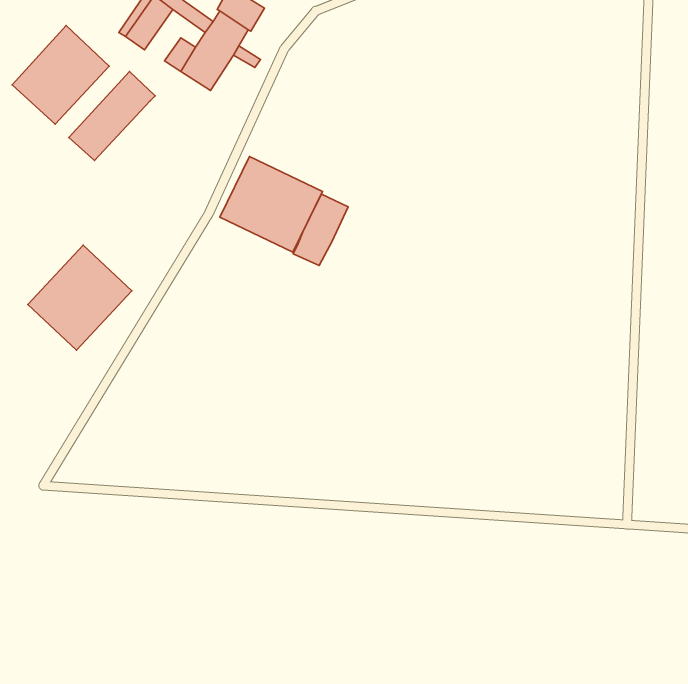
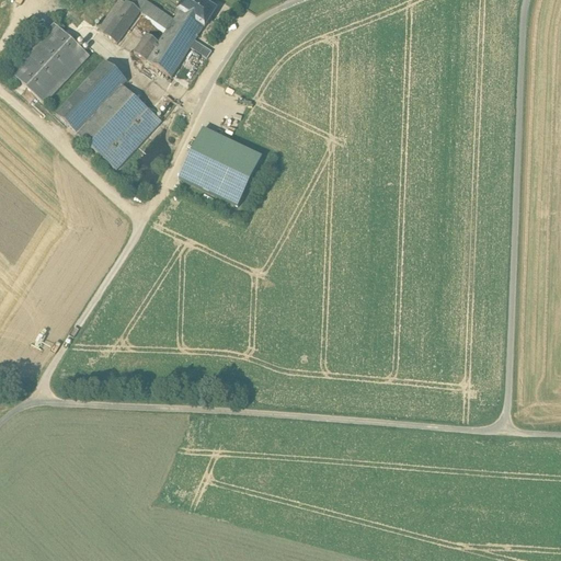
building: [293,194,348,266] -> none
building: [28,245,132,350] -> [78,82,162,168]

